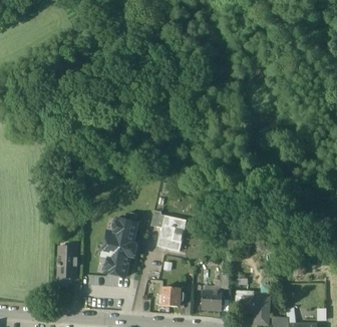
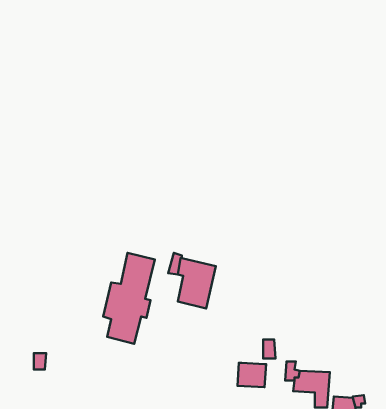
building: [58,246,77,277] -> none
building: [160,286,184,305] -> none

